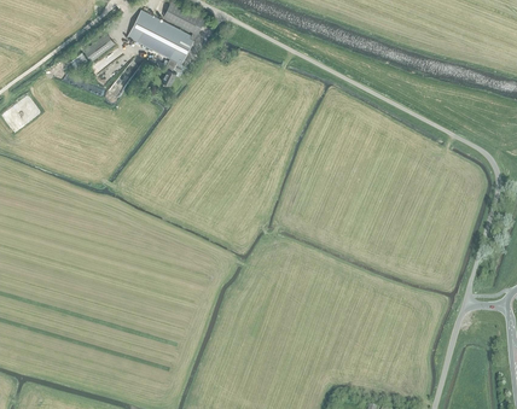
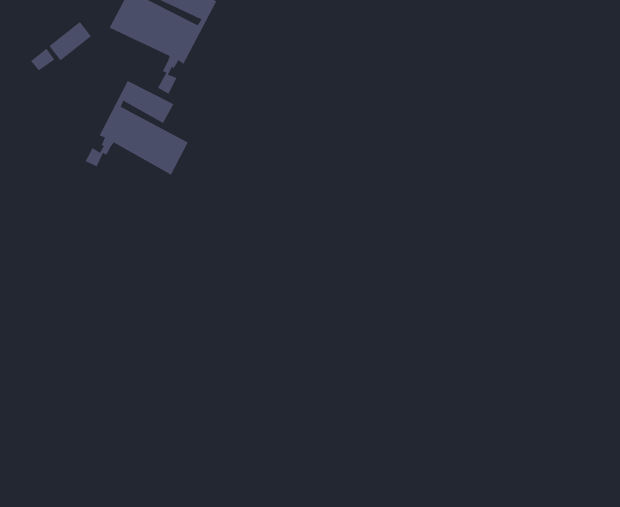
building: none -> [85,80,189,176]

